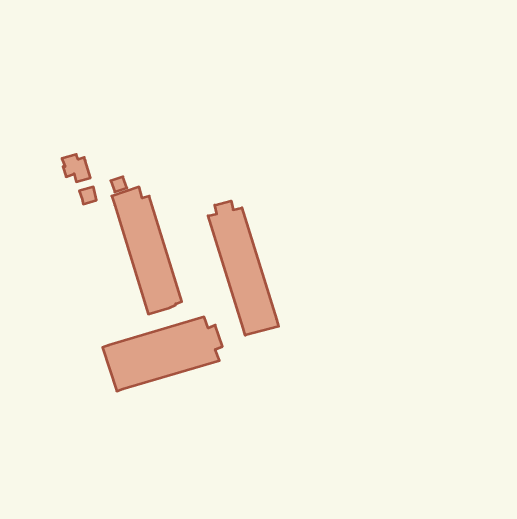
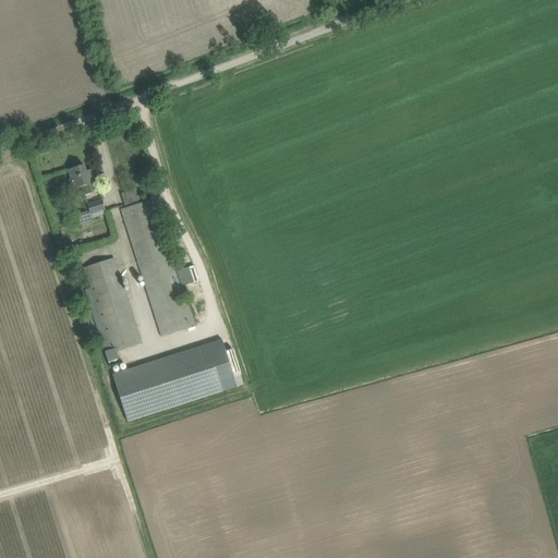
building: [208,201,279,335] -> none
building: none -> [83,258,138,353]

